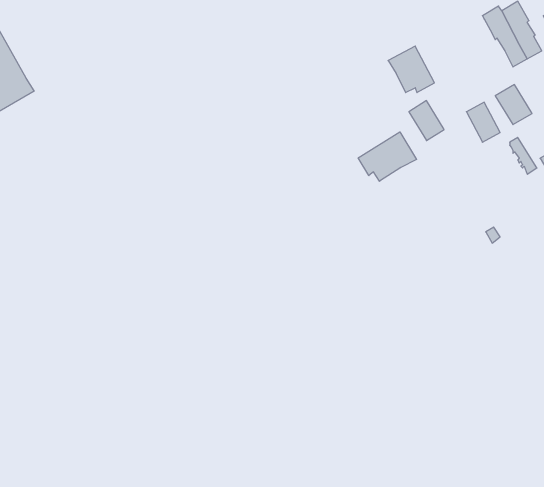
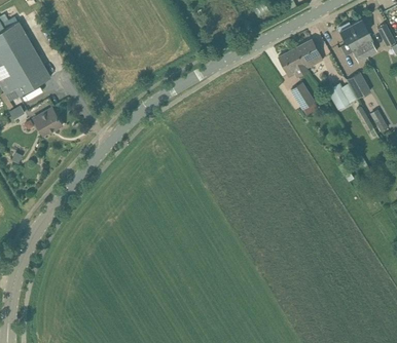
building: none -> [295,38,322,71]
building: [358,132,417,181] -> none
building: none -> [33,107,63,135]

